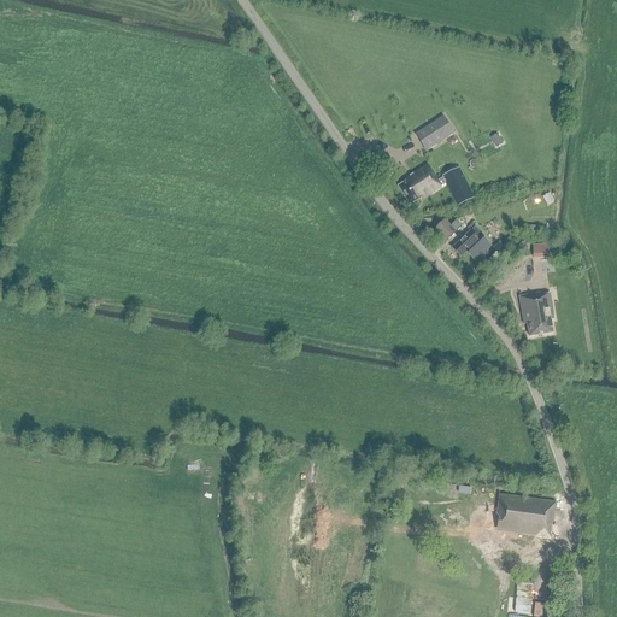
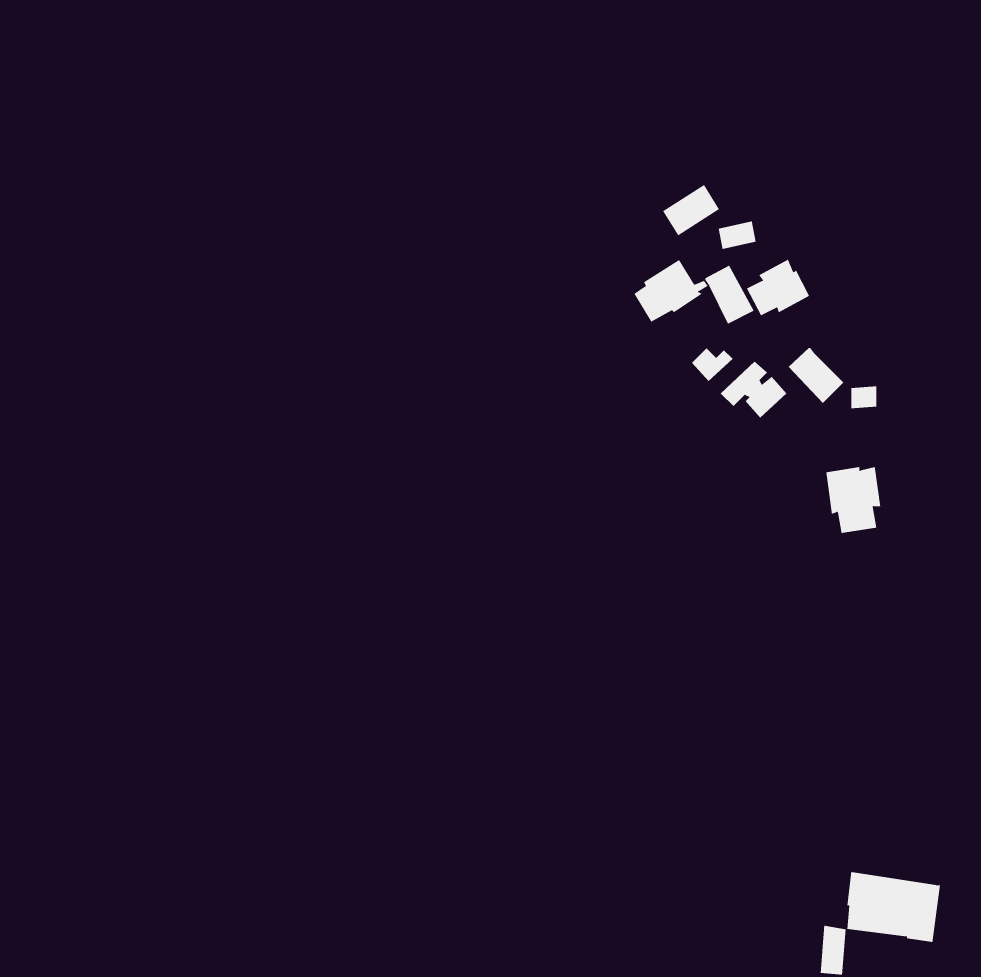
building: none -> [746,259,810,316]
building: none -> [788,347,844,404]
building: [496,493,556,537] -> [847,871,941,942]

